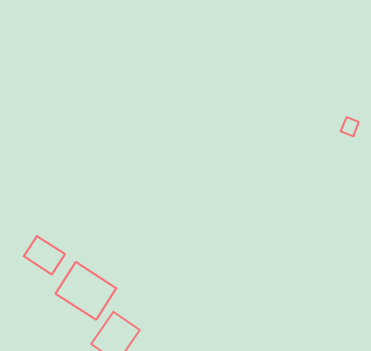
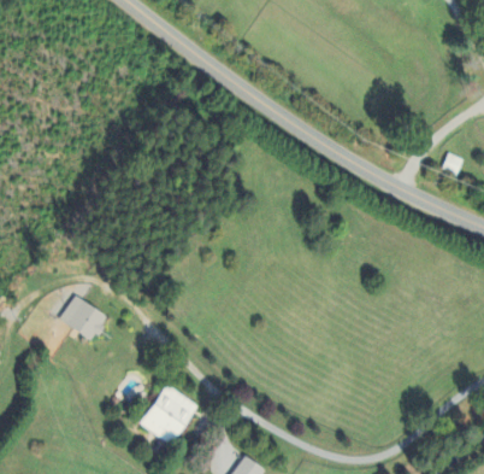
building: [56,262,116,320] -> none

